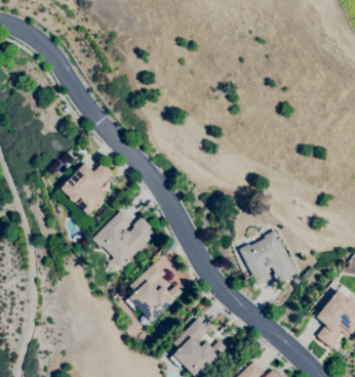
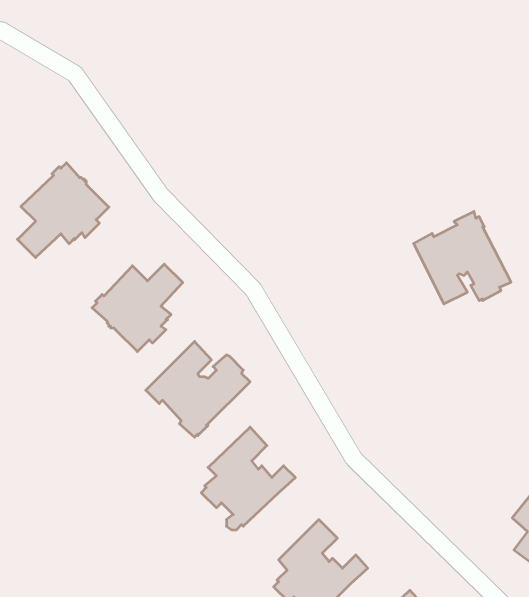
building: none -> [17,163,109,258]
building: [238,229,298,286] -> [414,211,511,304]

